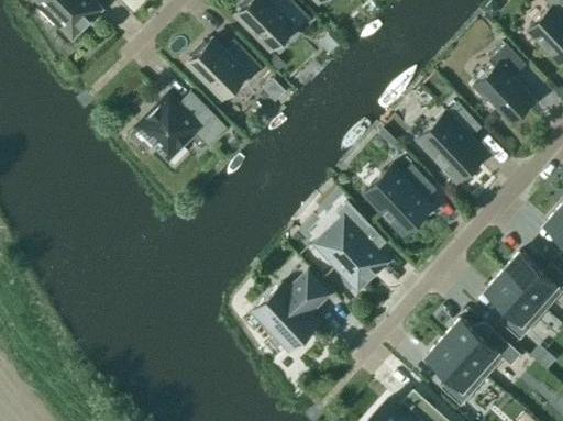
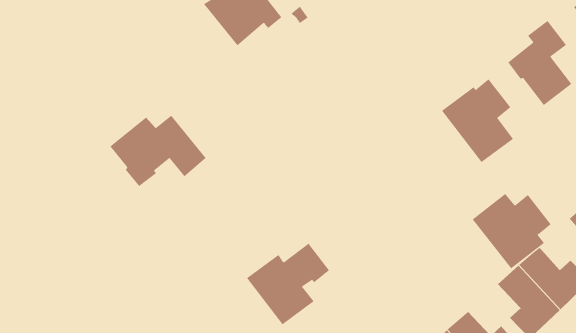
building: [137,91,228,160] -> [109,115,206,187]
building: [363,164,437,234] -> [472,193,551,269]
building: [317,202,385,287] -> none

